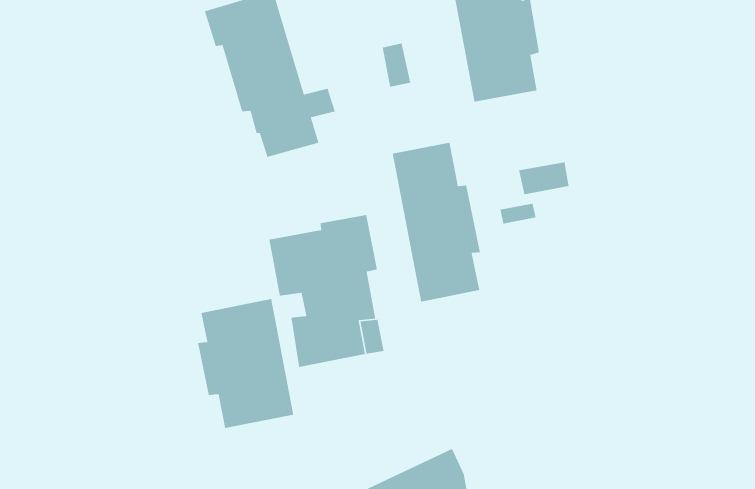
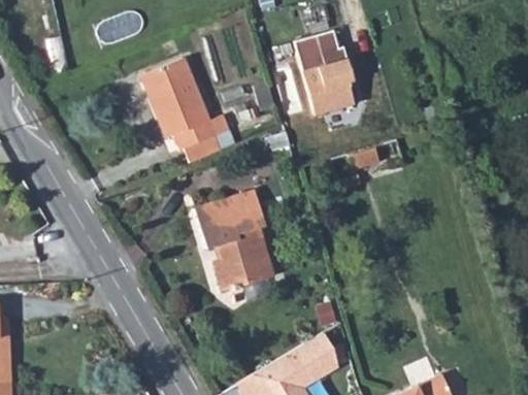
building: [392,142,481,303] -> none
building: [197,298,294,429] -> none

